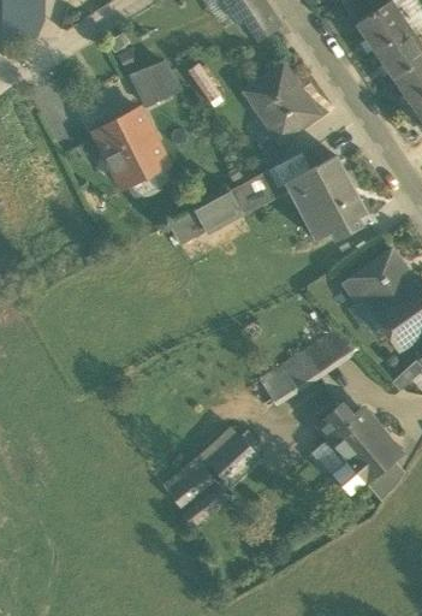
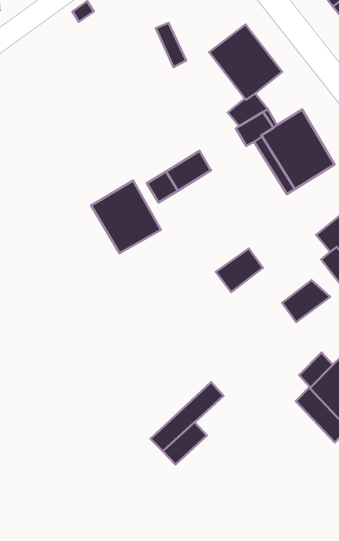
building: [130,61,183,108] -> none
building: [96,112,166,185] -> [91,181,161,253]
building: [230,171,278,211] -> none
building: [271,351,319,395] -> [216,249,263,292]
building: [214,434,261,480] -> none

